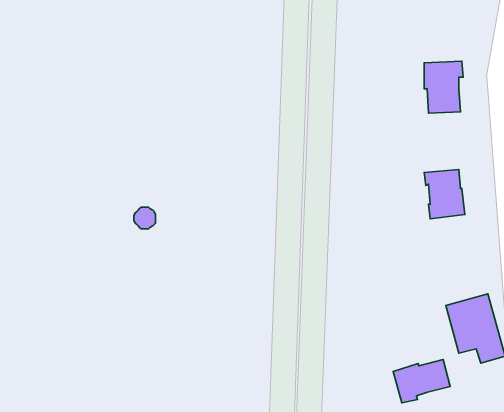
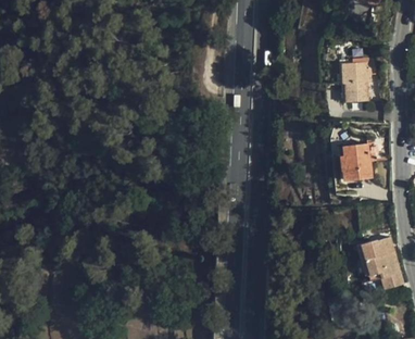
building: [393,360,450,403] -> none

